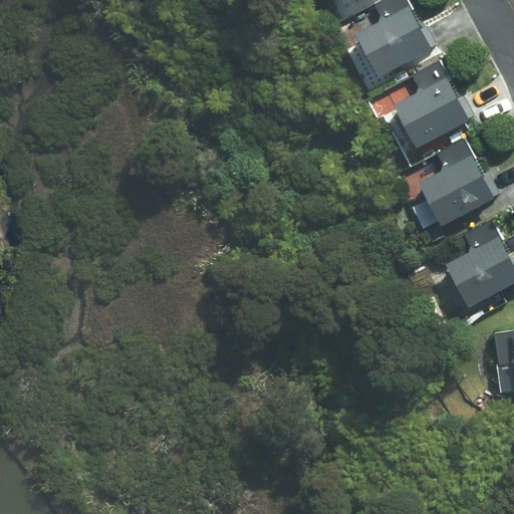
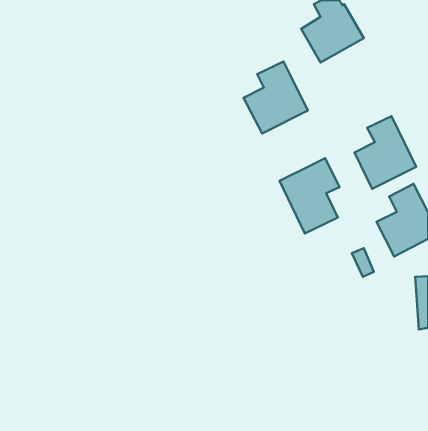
building: [395,63,471,149] -> [244,61,308,133]
building: none -> [280,158,340,234]

